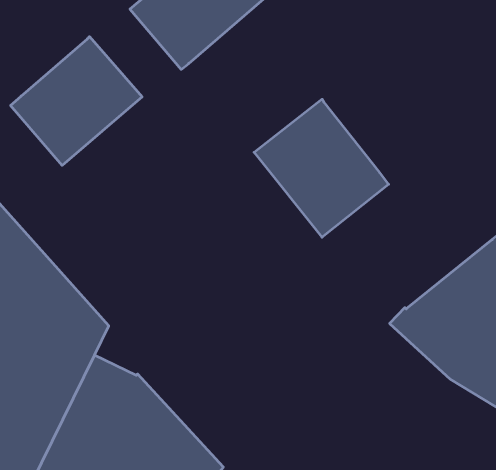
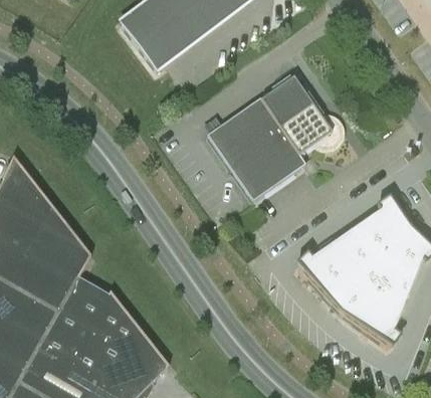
building: [11,37,142,165] -> none
building: none -> [261,76,345,154]

